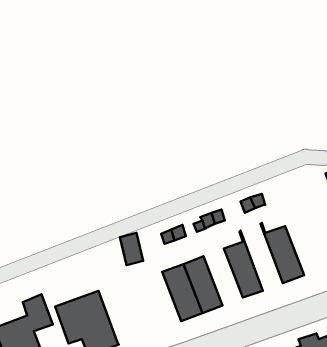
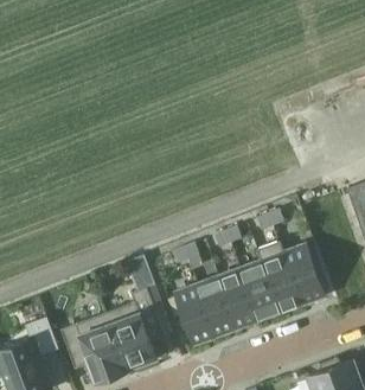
building: none -> [257,242,302,313]
building: none -> [218,268,260,328]
building: none -> [107,284,173,367]

